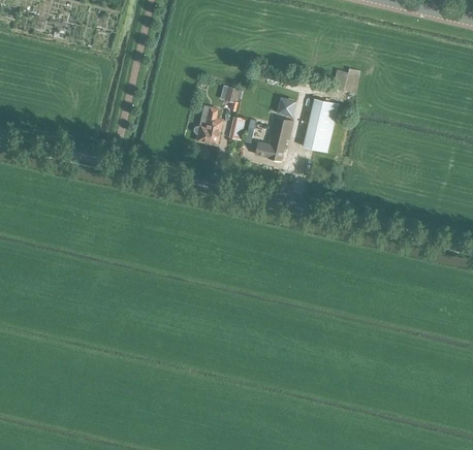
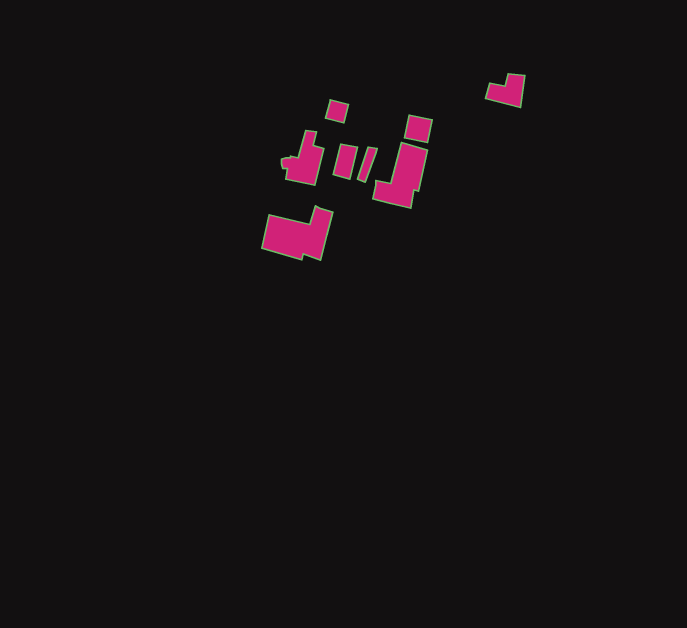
building: [303,97,338,151] -> none
building: none -> [262,206,333,260]

